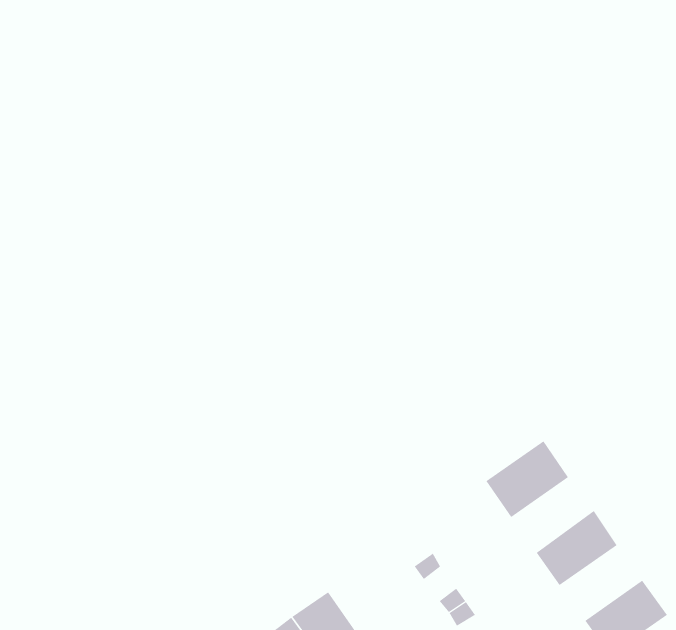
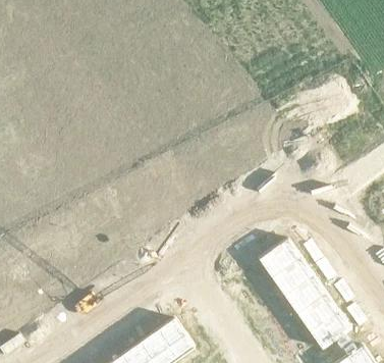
building: none -> [271,258,315,298]
building: none -> [296,294,340,333]

